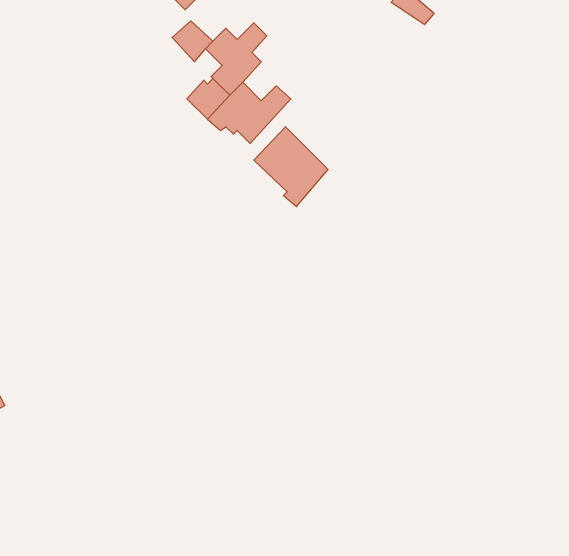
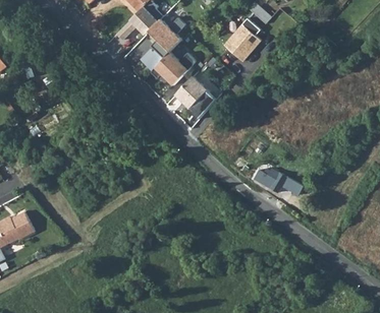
building: none -> [223,18,261,61]
building: none -> [255,169,305,195]

